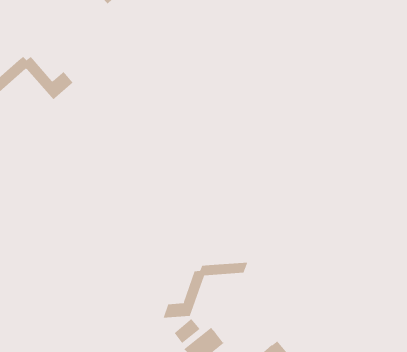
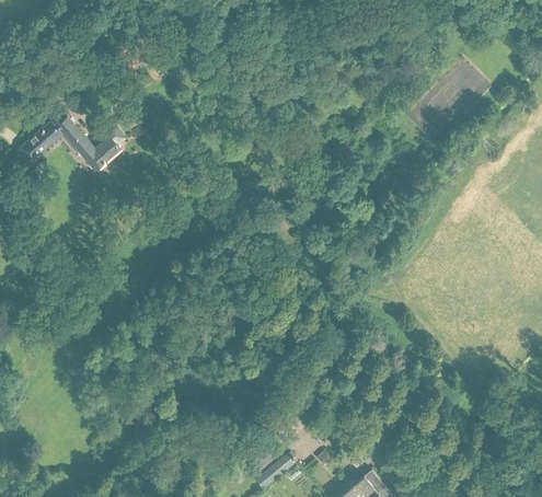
building: [163,262,248,319] -> none

